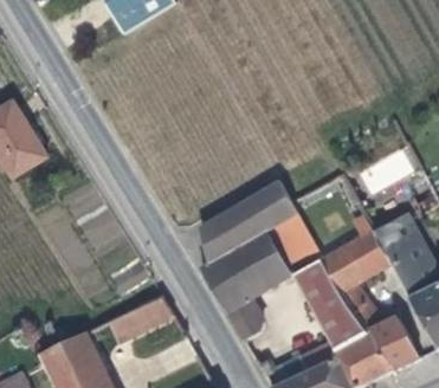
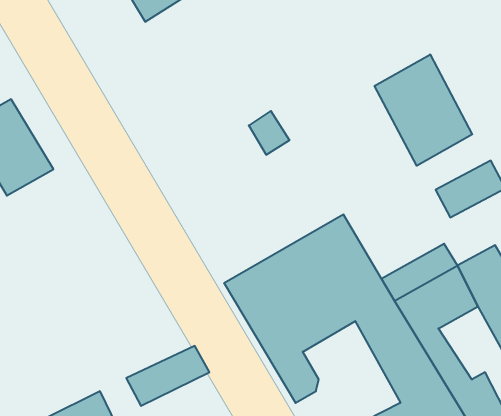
building: none -> [375,54,472,166]

